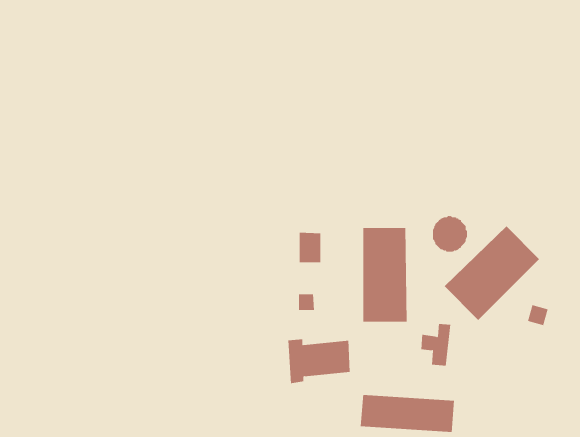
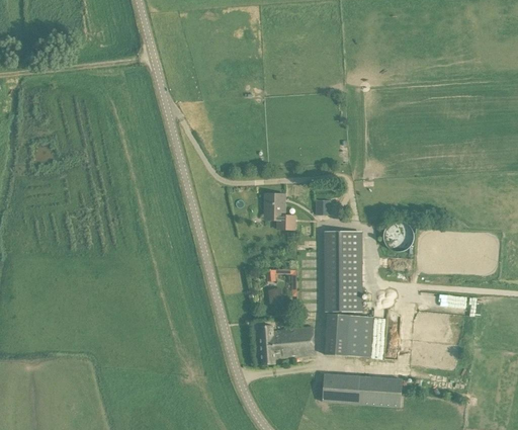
building: [444,226,540,321] -> none
building: [299,232,321,263] -> [265,193,284,220]
building: none -> [326,313,372,357]

